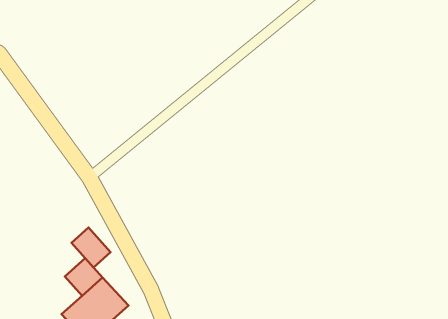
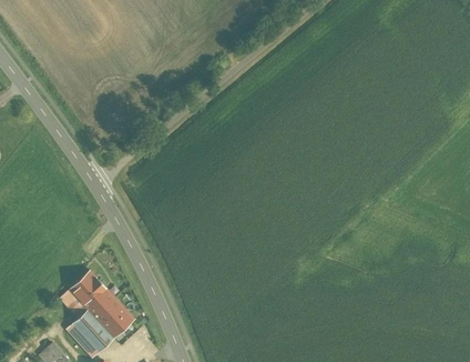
building: [71,228,111,267] -> none

